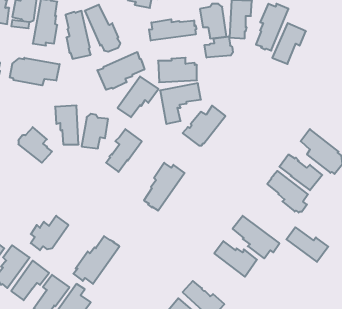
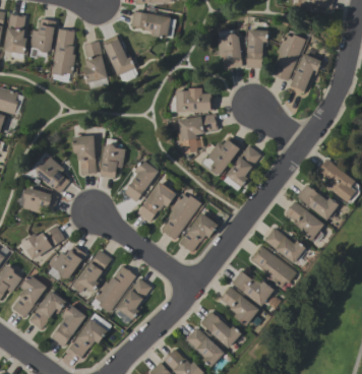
building: [149,19,196,41] -> none
building: [205,36,233,58] -> none
building: [97,52,144,90] -> none
building: [10,58,60,85] -> none
building: [118,76,158,117] -> [136,181,177,222]
building: none -> [223,144,260,190]
building: none -> [22,187,57,213]
building: none -> [179,212,219,251]
building: none -> [21,226,64,259]
building: none -> [71,249,112,293]
building: [286,227,328,262] -> [263,228,305,262]
building: none -> [117,277,152,319]
building: none -> [219,286,258,326]

